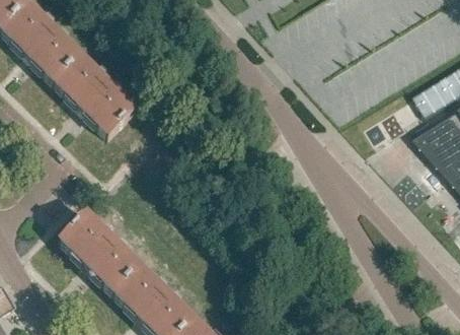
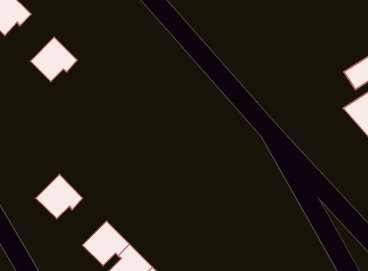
building: [33,30,84,84] -> none
building: [87,83,138,138] -> none
building: [93,242,144,295] -> none

